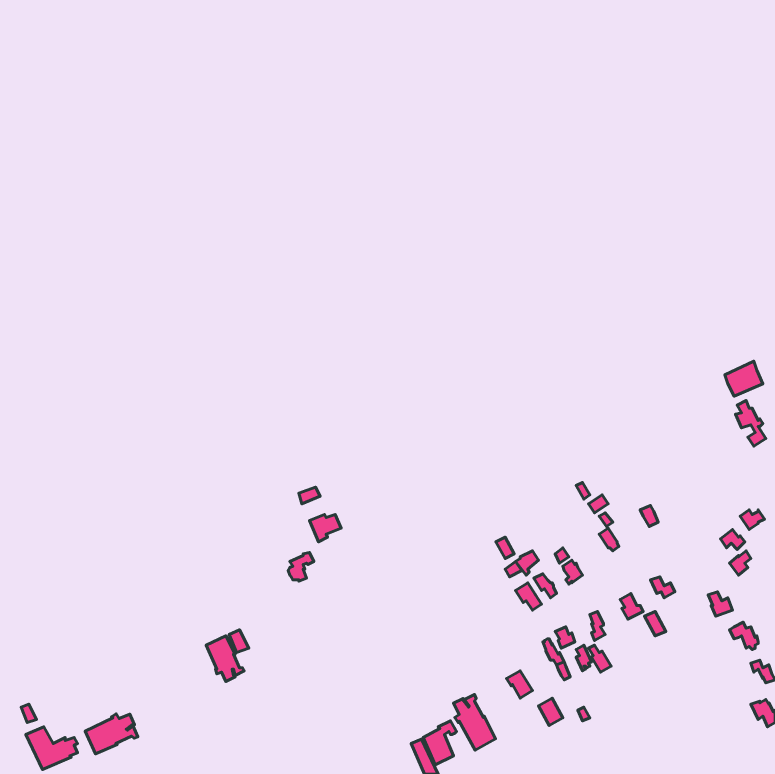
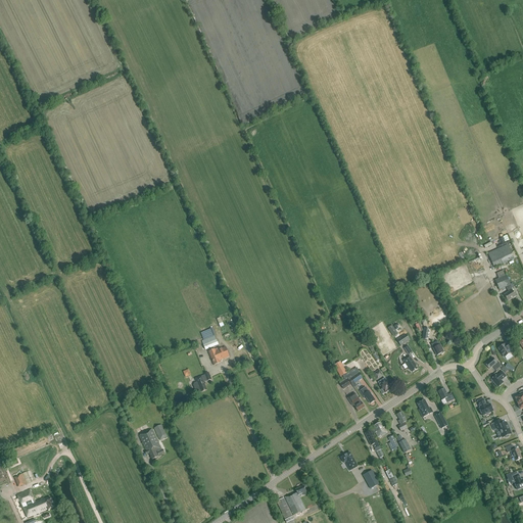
building: [453,695,496,750] -> none
building: [85,714,138,754] -> none

